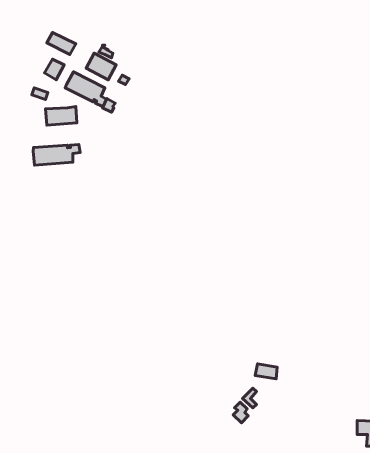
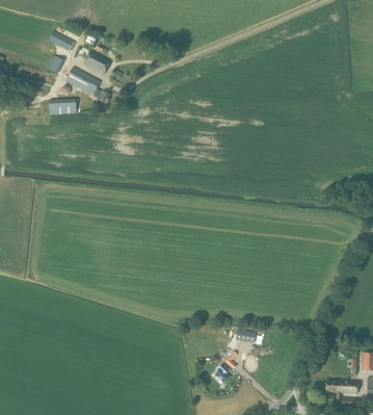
building: [33,145,80,165] -> none

